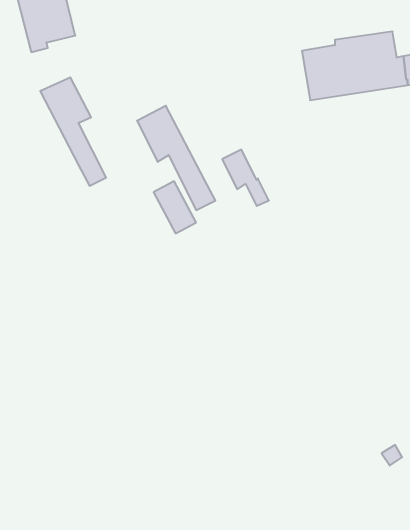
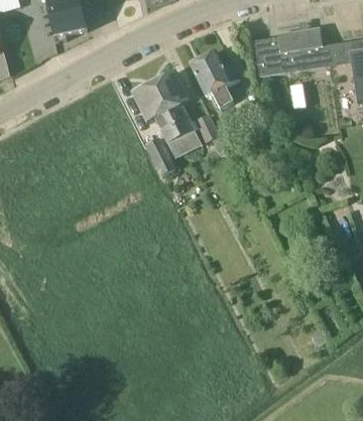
building: none -> [191,49,239,106]
building: [40,77,106,186] -> [153,69,202,149]

